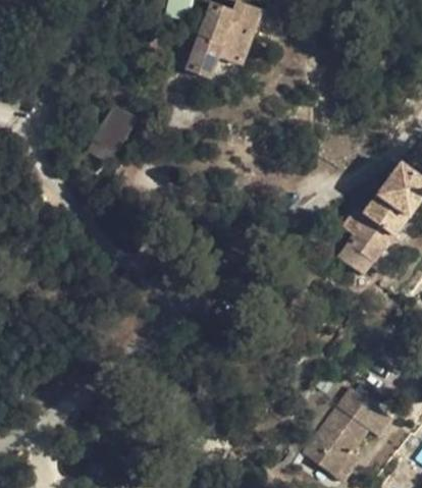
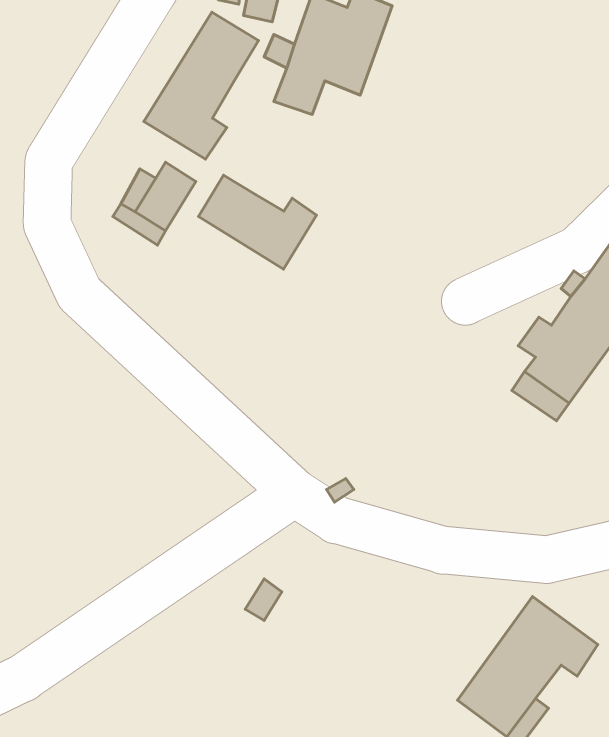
building: none -> [144,12,259,159]
building: none -> [199,175,317,269]

